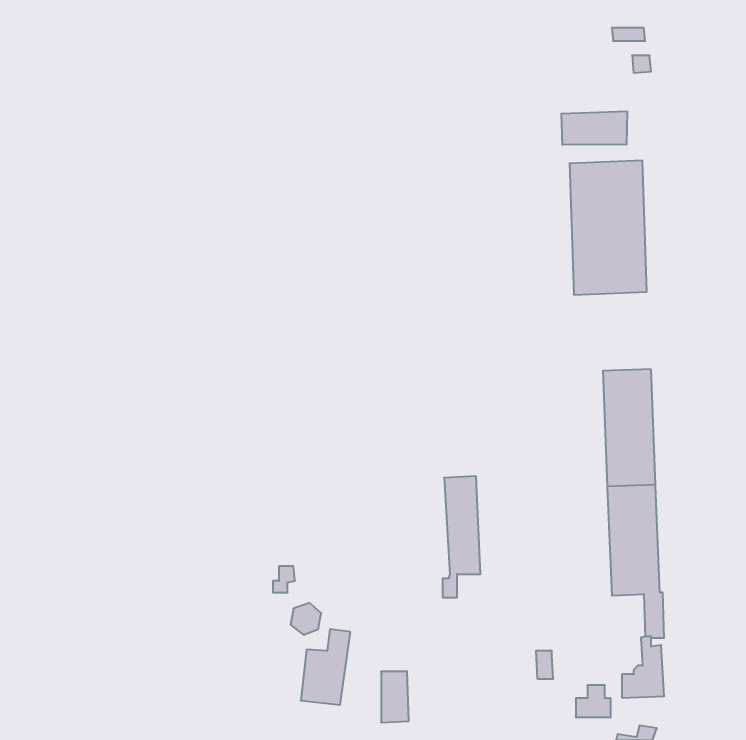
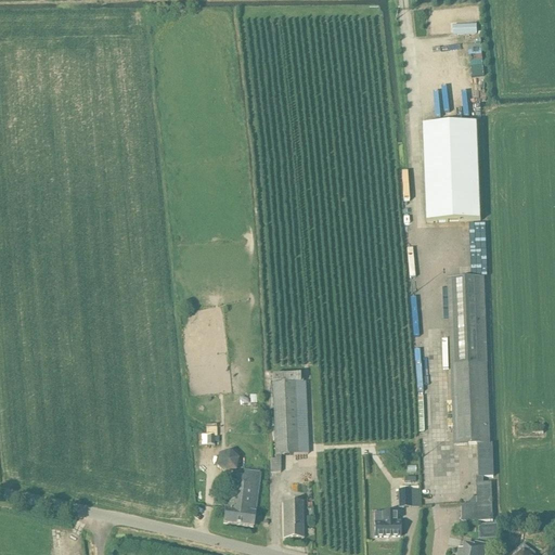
building: [561,111,627,145] -> none
building: [443,476,481,597] -> [270,379,298,469]
building: [576,685,611,717] -> [374,509,400,533]

